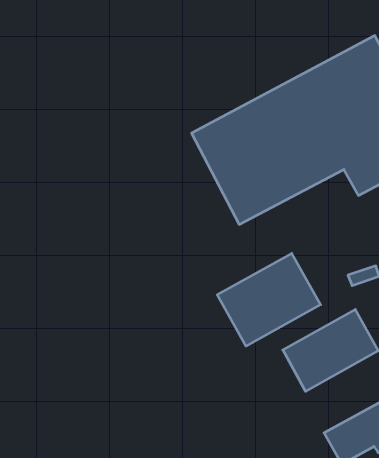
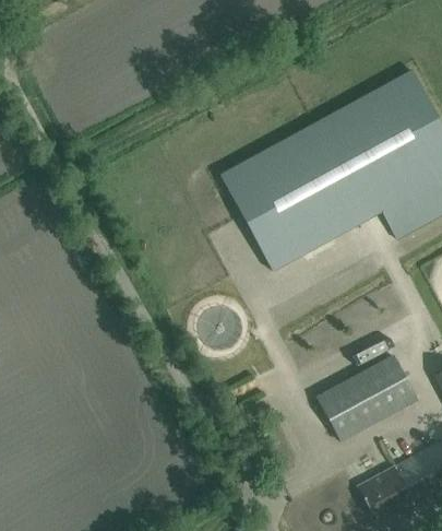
building: [217,253,321,346] -> none

